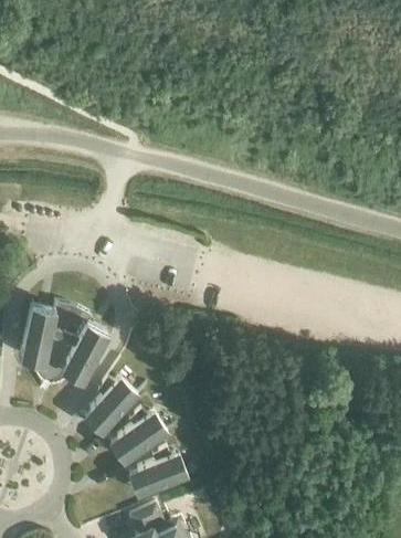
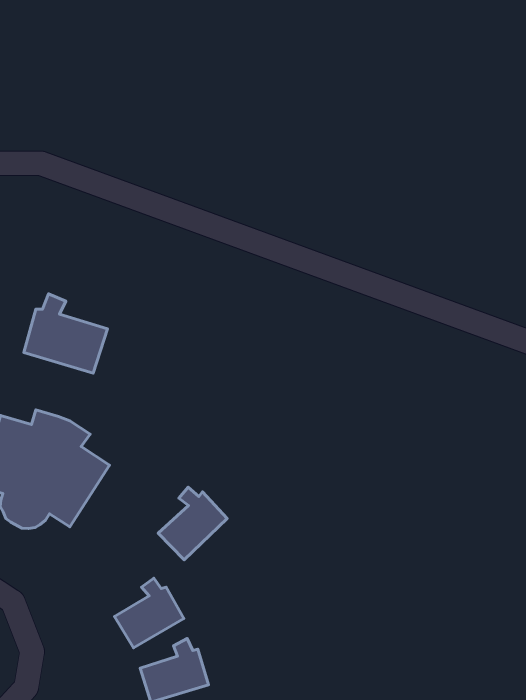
building: none -> [24,294,107,373]
building: [89,380,135,429] -> [158,487,227,560]

